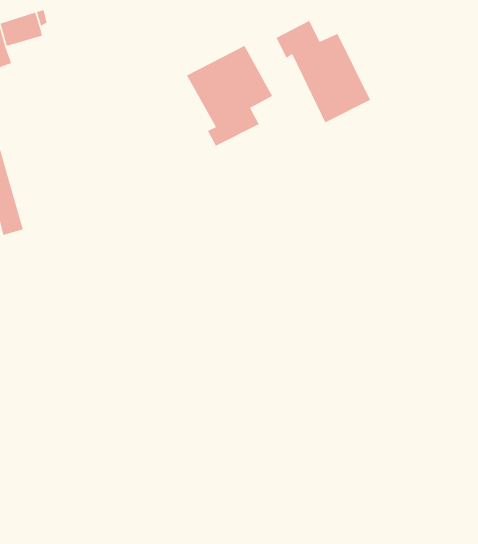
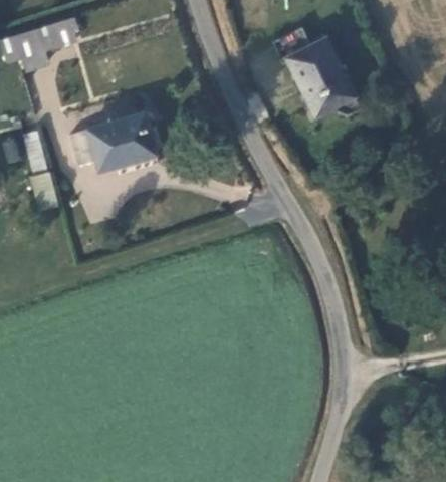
building: [186,45,273,147] -> none
building: none -> [70,114,156,171]

